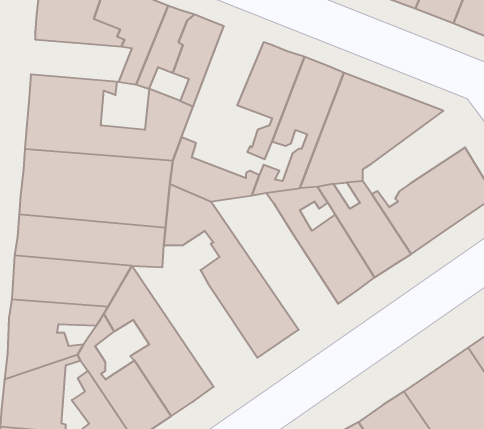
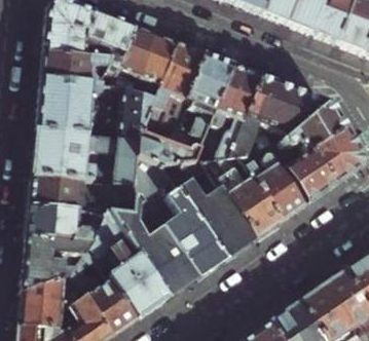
building: none -> [146,43,204,130]
building: none -> [40,52,111,82]
building: none -> [280,103,345,154]
building: none -> [167,160,256,257]
building: none -> [111,197,199,297]

